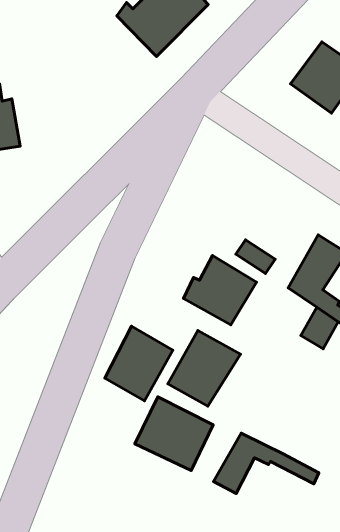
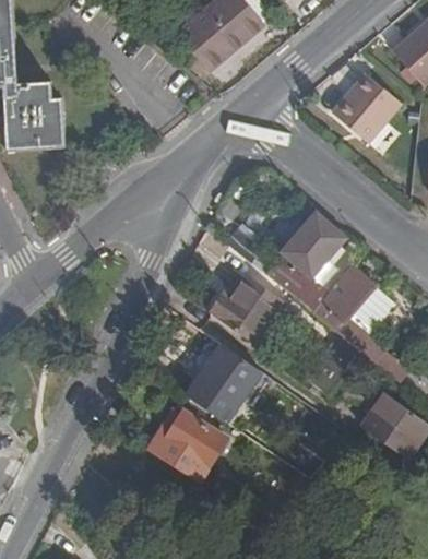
building: none -> [283,224,337,272]
building: [105,326,173,401] -> none
building: [213,433,319,494] -> none

